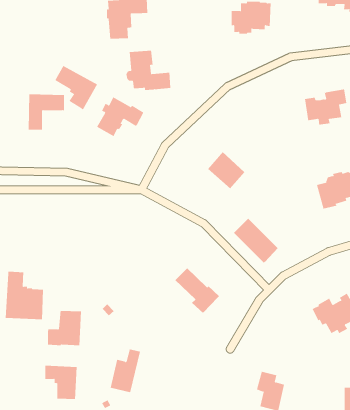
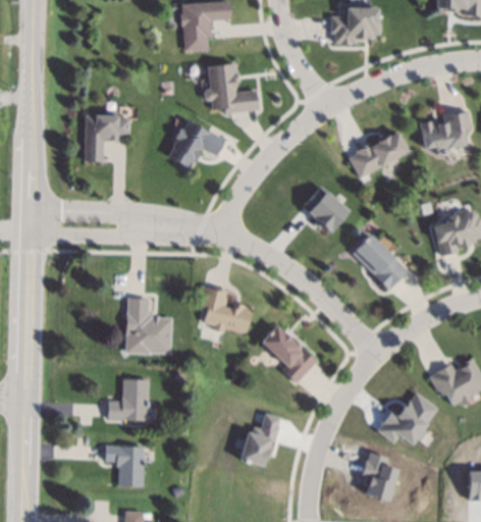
building: [55,65,98,110] -> none
building: none -> [348,130,408,178]
building: [233,218,279,263] -> [353,234,408,290]
building: none -> [200,286,253,334]
building: [5,271,44,320] -> [126,296,173,355]
building: none -> [376,392,436,445]
building: [110,349,141,393] -> [241,413,278,466]

